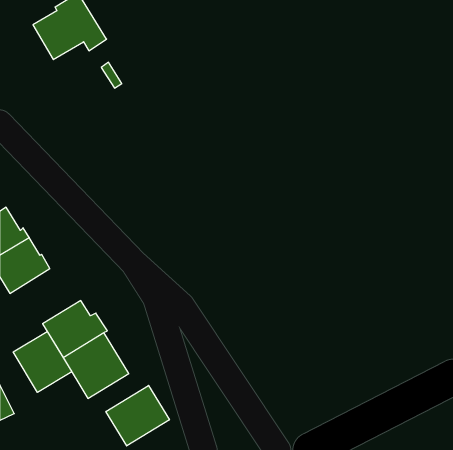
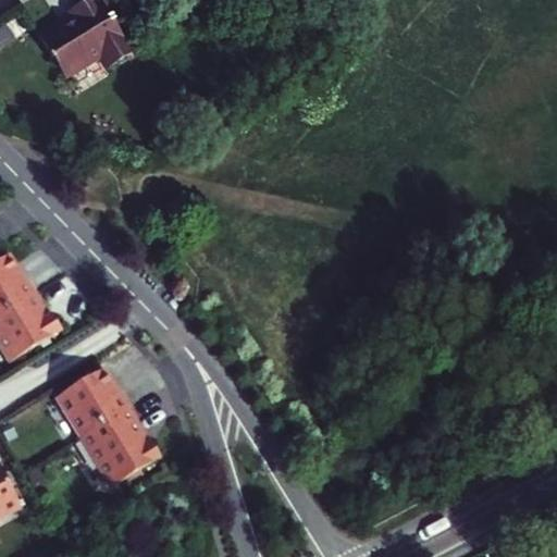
building: [13,331,72,392] -> none
building: [106,385,169,446] -> none

